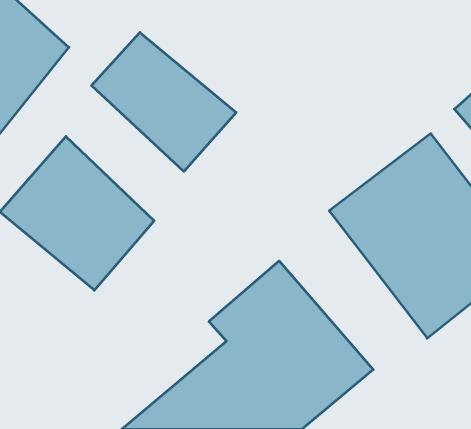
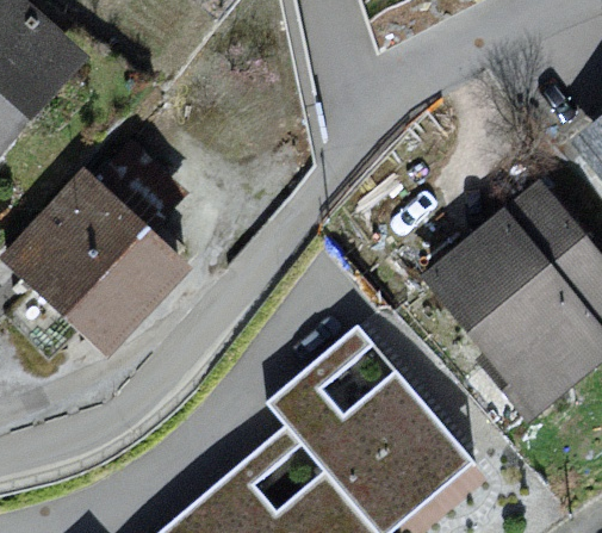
building: [92,32,236,171] -> none

